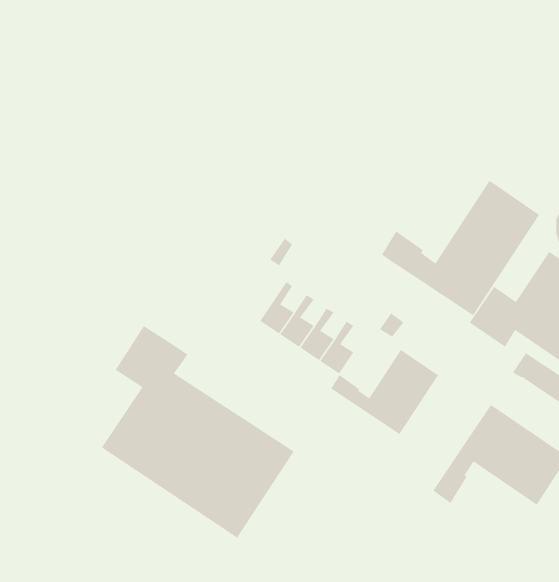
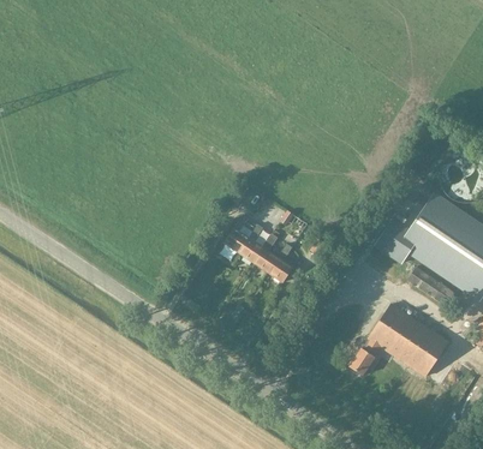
building: [381,180,540,316] -> none
building: [101,325,294,539] -> none
building: [330,349,439,435] -> none

